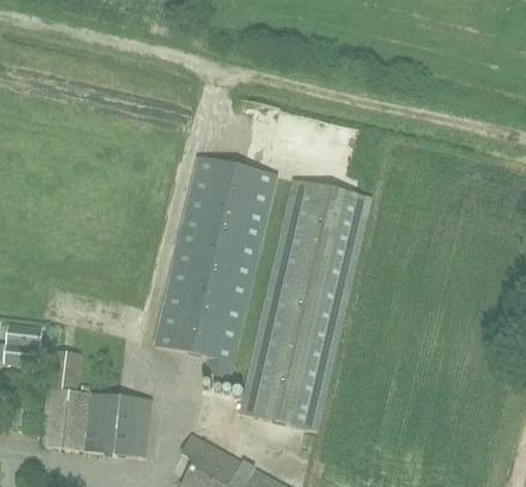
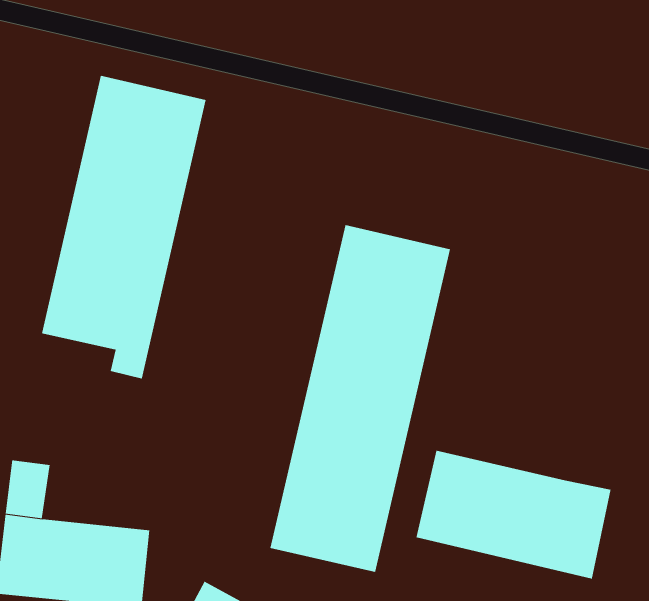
building: [155,156,275,377] -> [41,75,206,379]
building: none -> [416,450,611,579]

